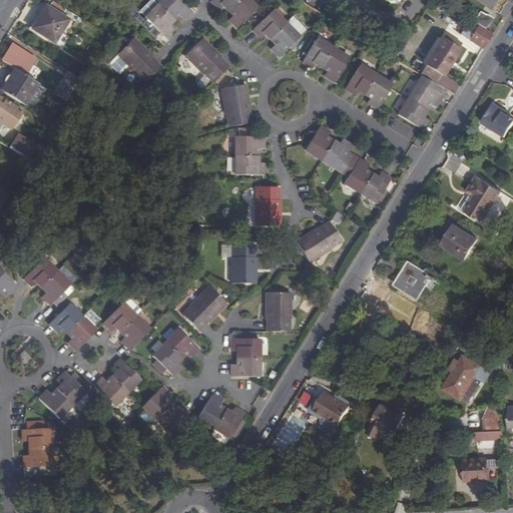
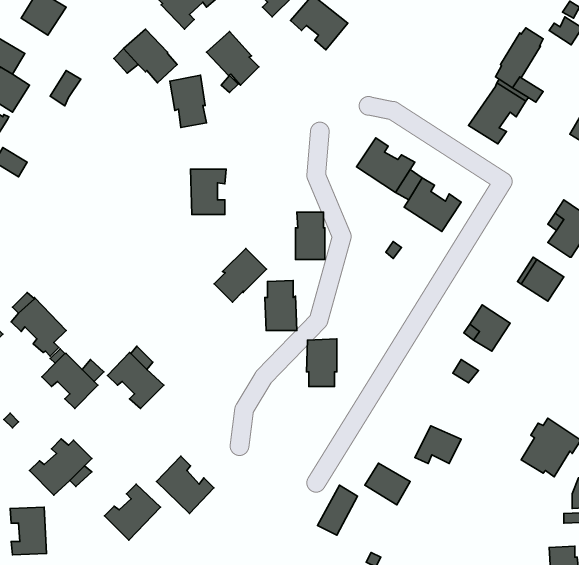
building: [304,37,351,81] -> none
building: [347,64,393,108] -> none
building: [220,83,250,126] -> [170,75,206,128]
building: [234,135,264,172] -> [191,169,226,214]
building: [297,220,340,261] -> none
building: [182,286,225,330] -> [214,248,266,302]
building: [153,329,198,375] -> none
building: [230,337,259,375] -> none
building: [93,360,139,406] -> [104,484,161,540]
building: [197,394,244,437] -> none
building: [366,408,404,439] -> [415,426,461,463]

